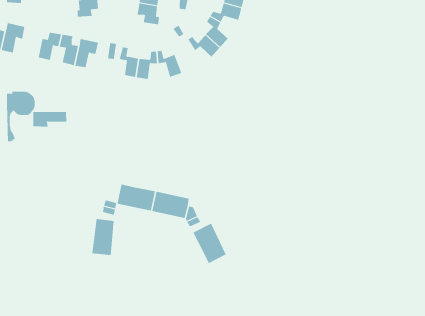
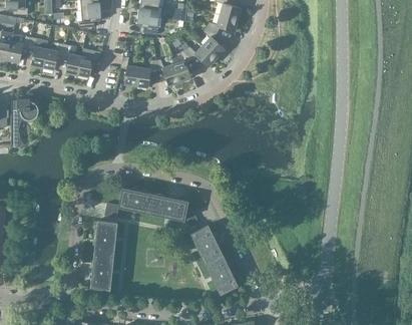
building: none -> [29,37,48,66]
building: none -> [172,49,192,81]
building: [33,111,67,128] -> none
building: none -> [91,253,113,288]
building: none -> [205,254,238,293]

